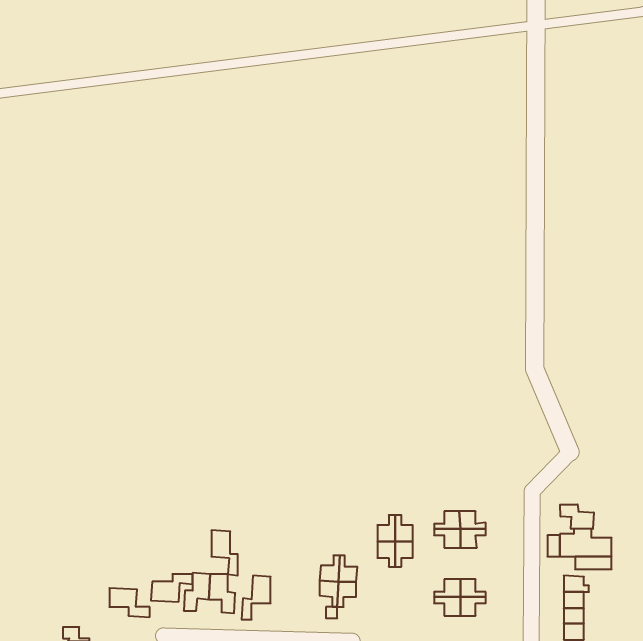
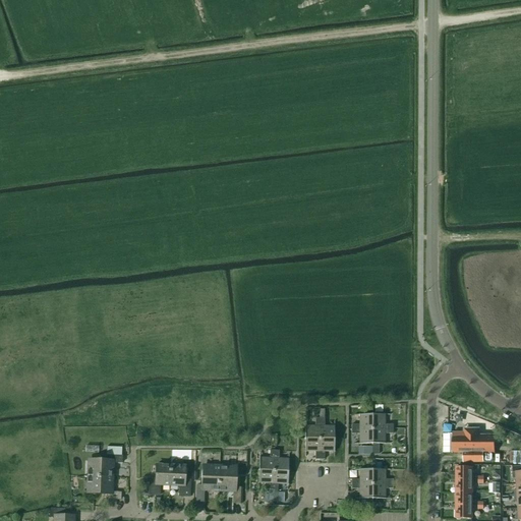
building: [560,504,594,529] -> none
building: [211,530,238,576] -> [219,466,240,503]
building: [151,574,193,602] -> [89,454,122,476]

